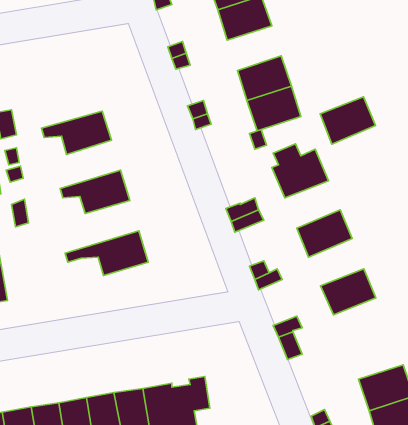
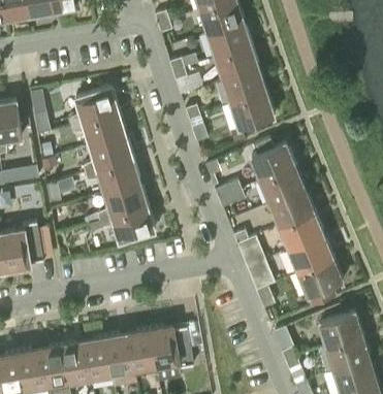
building: none -> [215,45,257,80]
building: none -> [67,88,117,126]
building: [320,97,375,144] -> [260,167,304,204]
building: none -> [82,135,131,173]
building: none -> [87,183,146,224]
building: none -> [279,212,322,250]
building: none -> [298,259,341,305]

